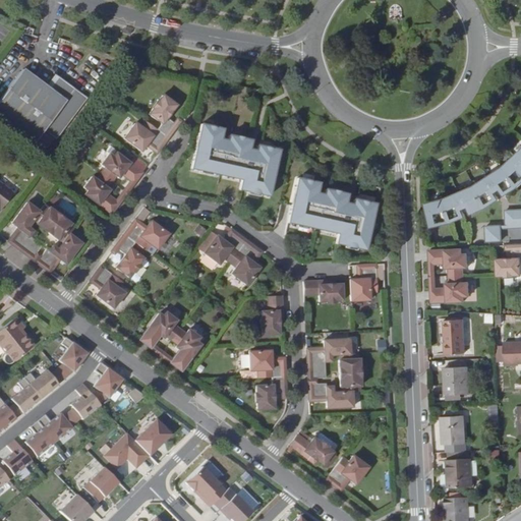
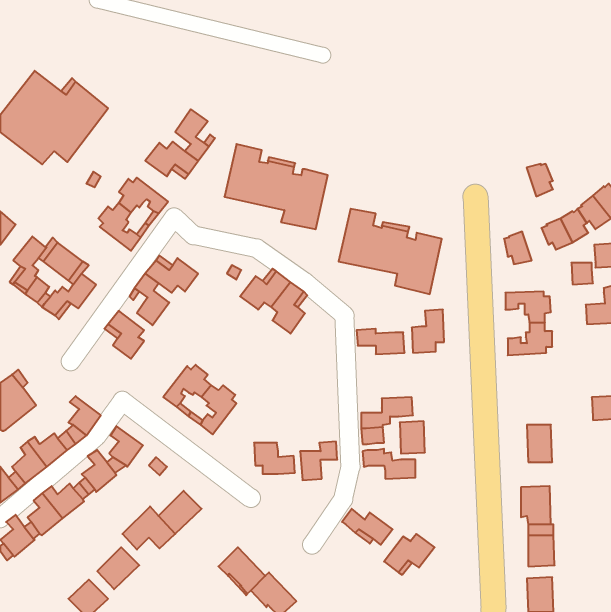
building: [445,194,467,222] -> [527,164,553,196]
building: [263,294,284,334] -> none
building: [448,313,468,346] -> none
building: [252,350,287,377] -> [254,443,295,474]

